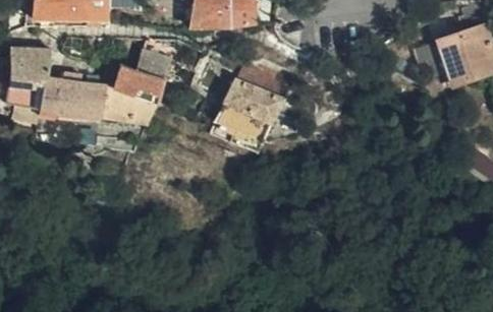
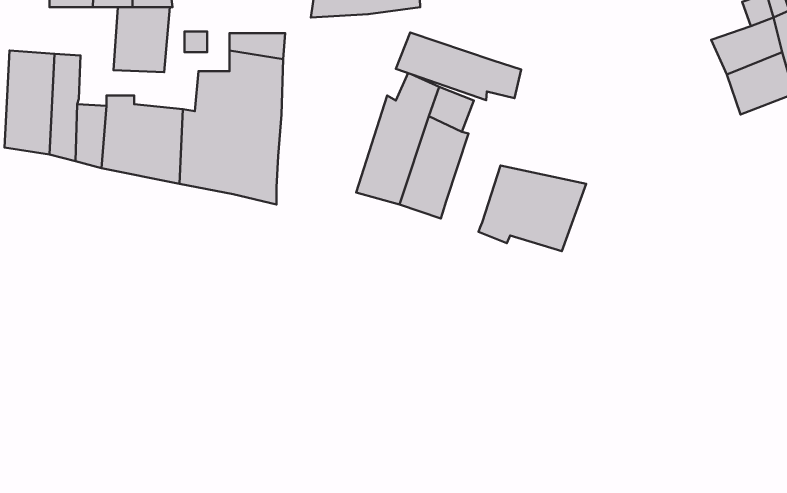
building: none -> [113,7,170,72]
building: none -> [396,33,521,100]
building: none -> [478,165,586,251]

